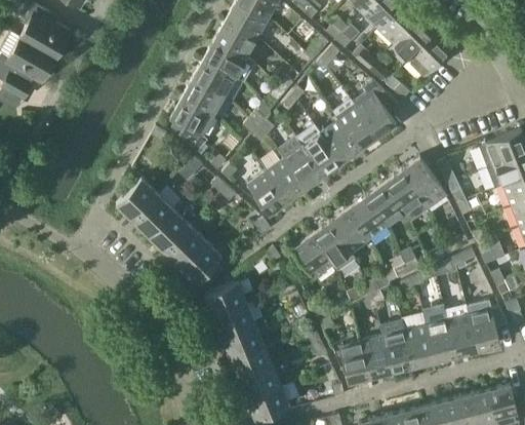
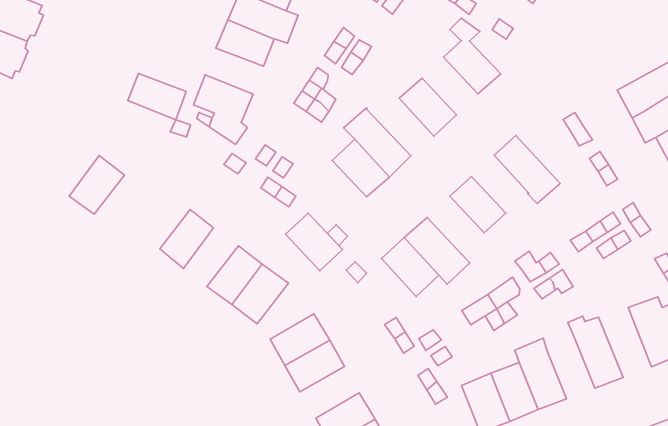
building: [181,79,225,116] -> [128,74,186,120]
building: [338,107,377,150] -> none
building: [295,124,341,176] -> none
building: [401,157,448,209] -> none
building: [247,171,287,215] -> [285,213,343,271]
building: [116,178,158,220] -> [69,156,124,214]
building: [365,183,405,226] -> none
building: [329,208,369,252] -> none
building: [148,209,190,252] -> none
building: [444,305,478,356] -> none
building: [220,322,264,357] -> none
building: [404,325,435,366] -> none

